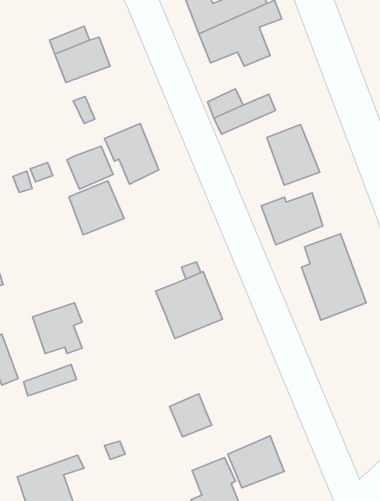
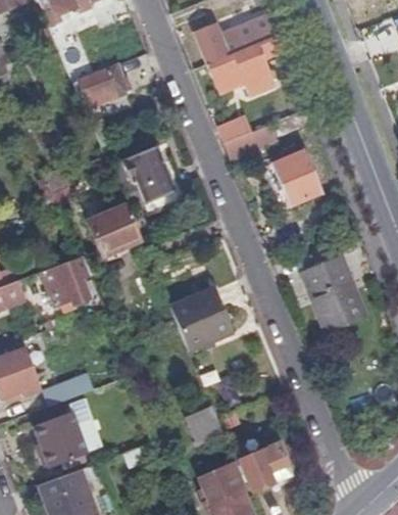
building: [67,146,113,189] -> none
building: [261,193,323,245] -> none
building: [32,303,82,353] -> [38,259,85,307]
building: none -> [36,411,90,465]

